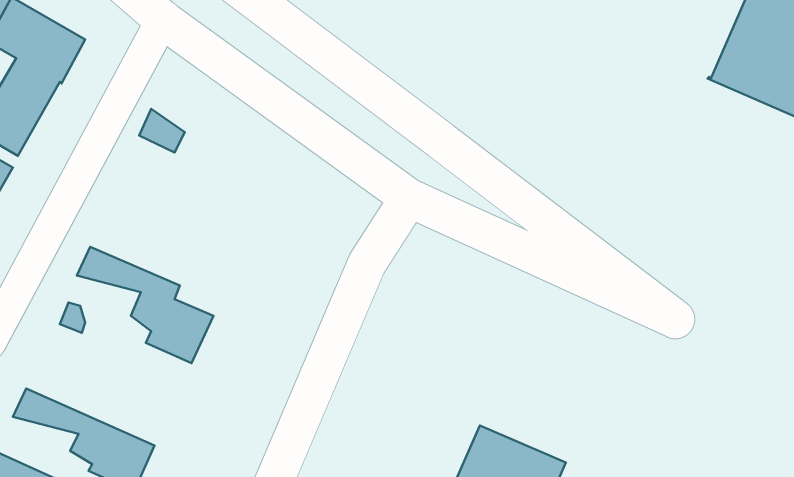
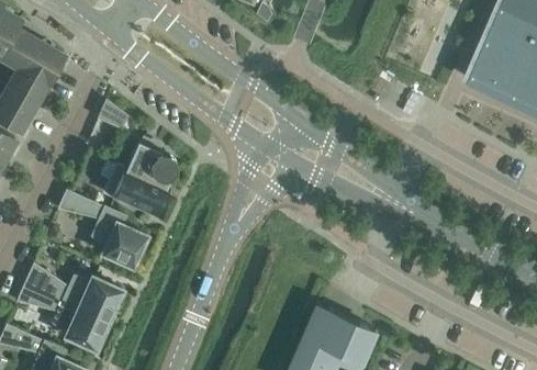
building: none -> [103,142,174,217]
building: none -> [24,265,122,322]

